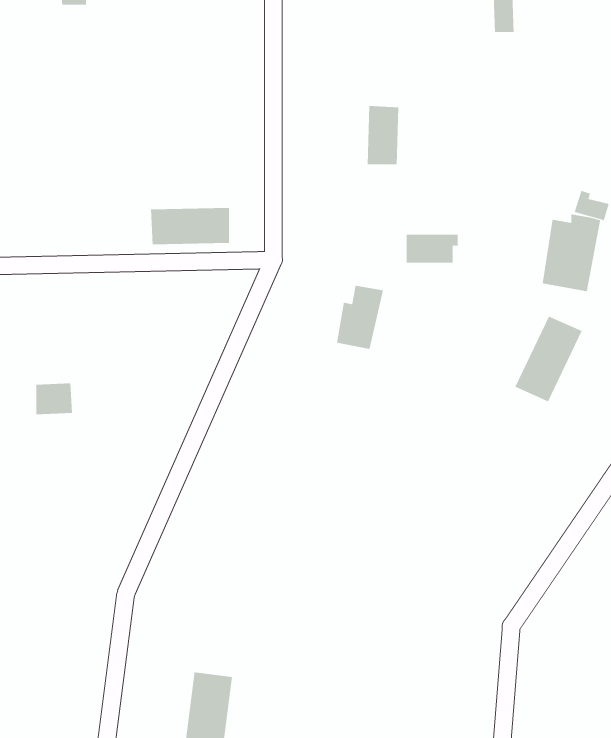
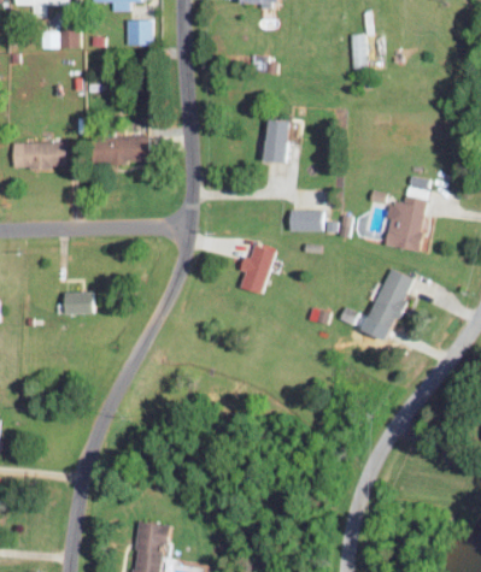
building: none -> [14,142,64,169]
building: [150,207,230,245] -> [90,136,147,163]
building: [36,383,73,415] -> [63,291,89,314]

